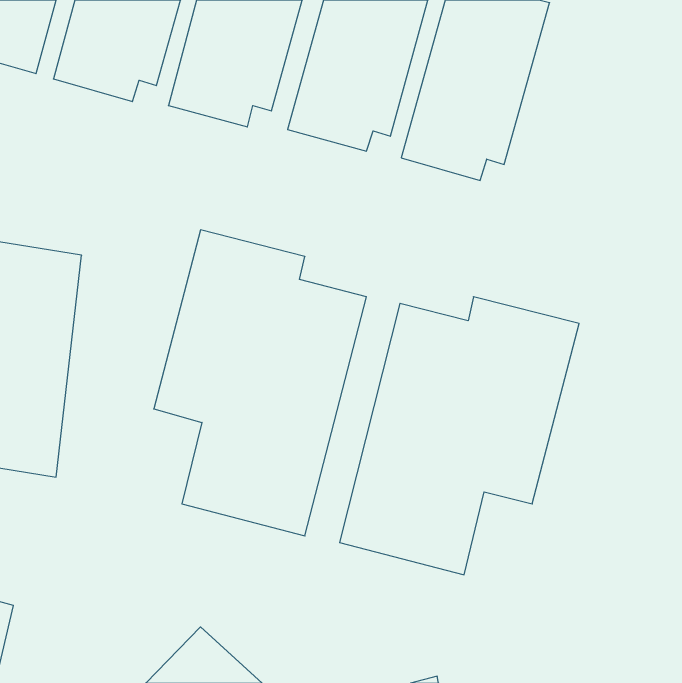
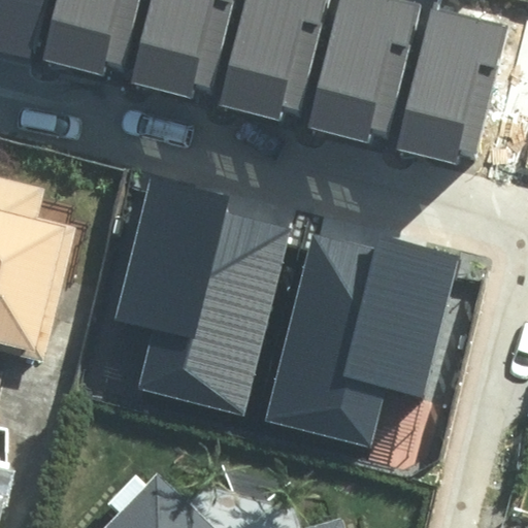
building: none -> [395,8,509,166]

